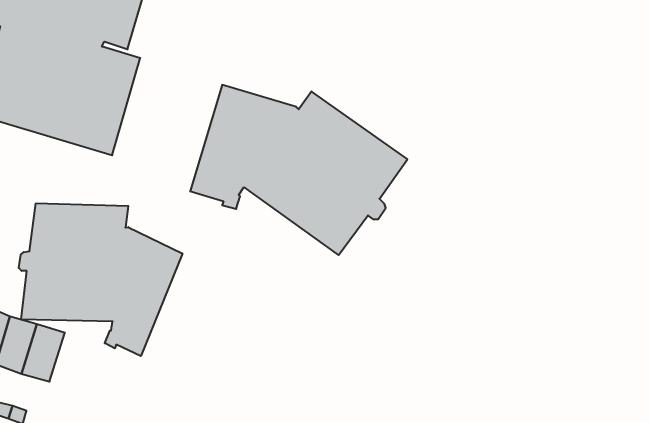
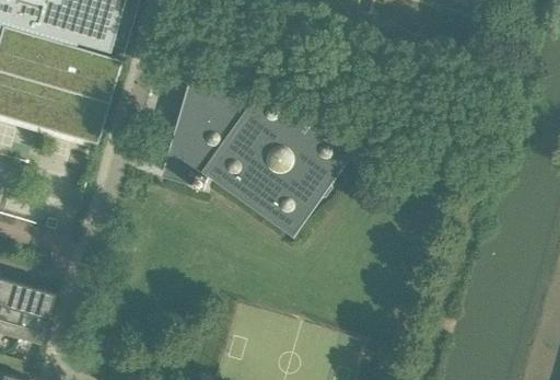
building: [19,203,182,356] -> none

